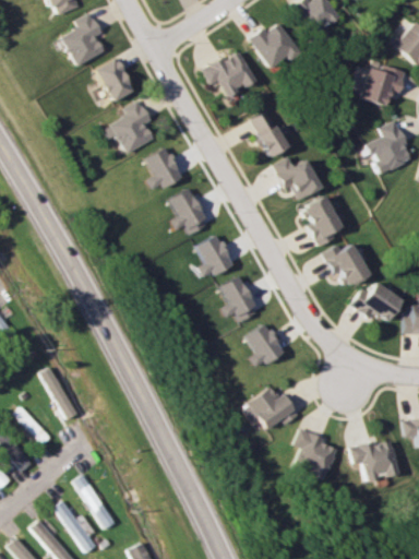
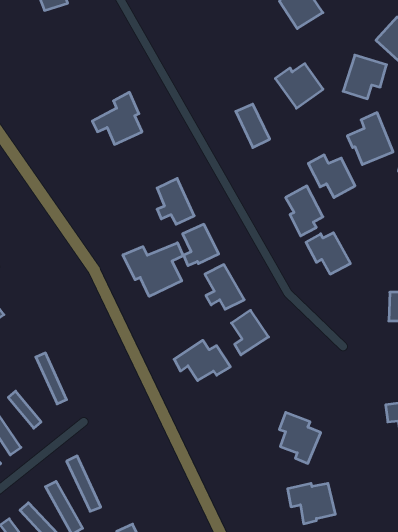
building: [60,12,104,67] -> none
building: [249,23,298,69] -> [275,64,323,108]
building: [202,50,255,96] -> none
building: [96,59,132,102] -> none
building: [145,147,180,191] -> none
building: [271,156,319,200] -> [308,155,355,198]
building: none -> [123,243,183,296]
building: [351,282,403,321] -> none
building: [242,388,300,429] -> [174,340,230,381]
building: [350,441,399,483] -> [288,483,335,524]

